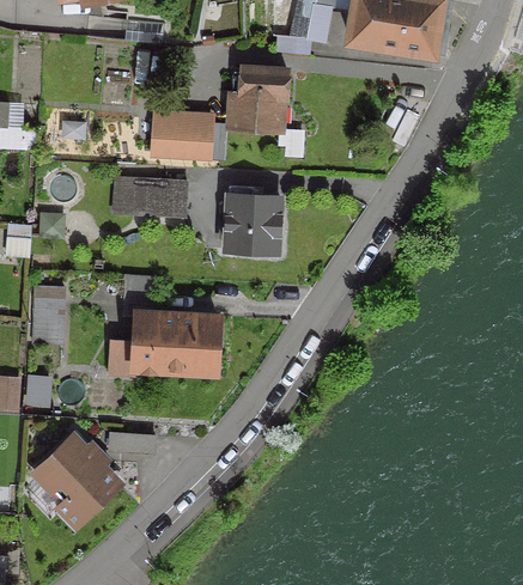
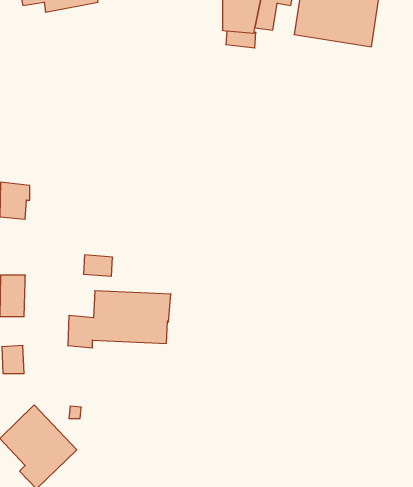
building: [229,68,285,130] -> none
building: [164,123,220,158] -> none
building: [114,177,184,218] -> none
building: [224,187,278,252] -> none

